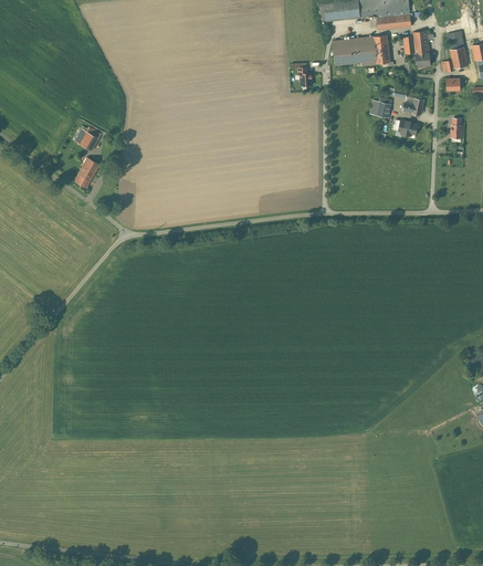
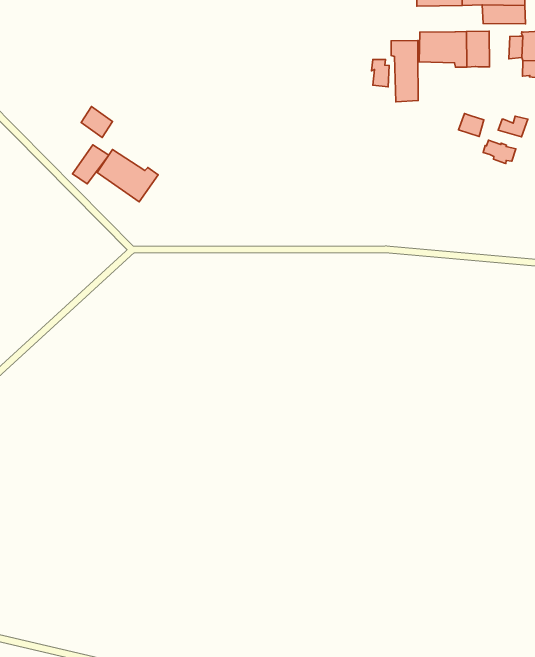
building: none -> [391,40,418,102]
building: none -> [97,149,158,202]

